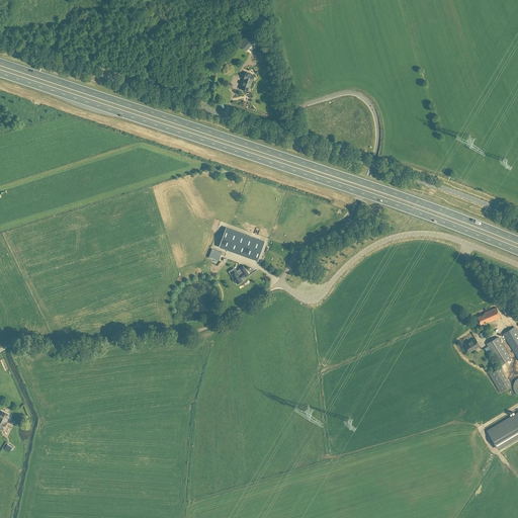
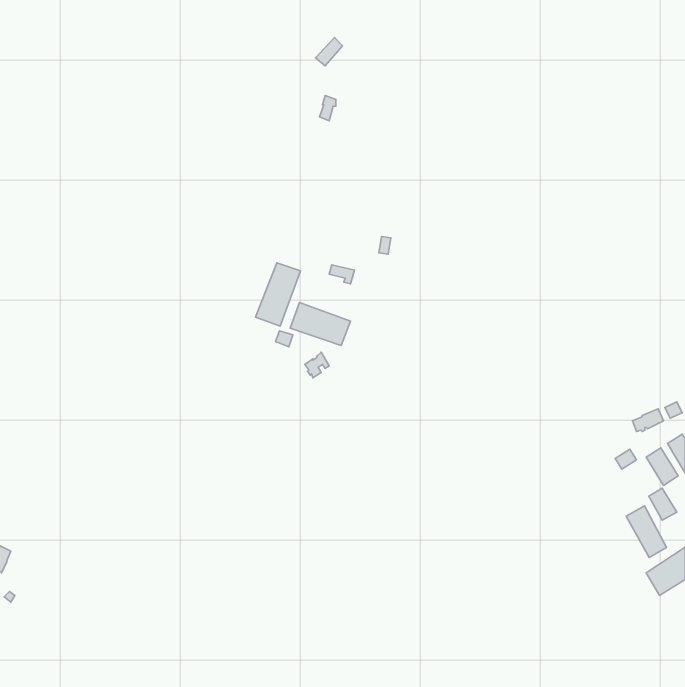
building: none -> [255,263,300,326]
building: none -> [626,506,667,558]

